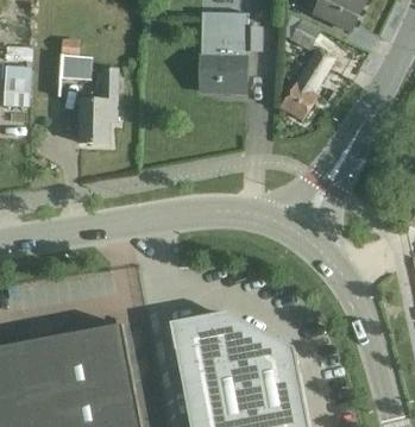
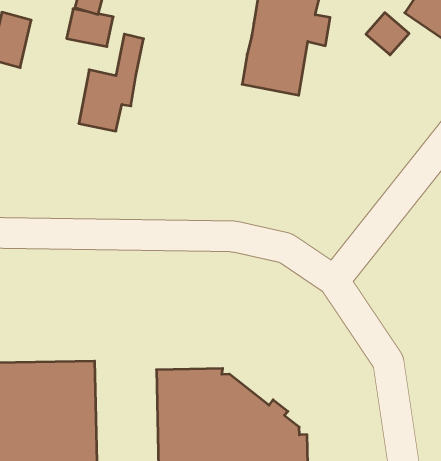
building: [279,46,333,121] -> none

